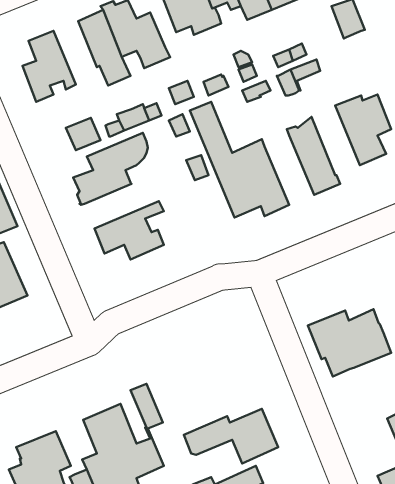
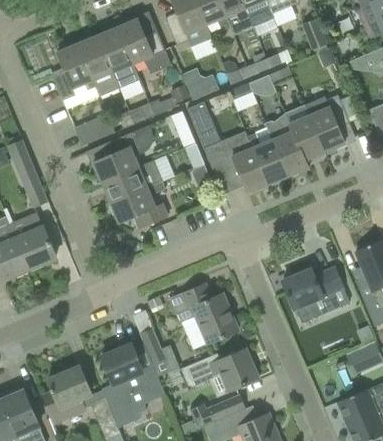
building: none -> [77,36,121,97]
building: none -> [285,104,326,160]
building: none -> [247,128,287,184]
building: none -> [102,161,162,203]
building: none -> [169,283,238,344]

